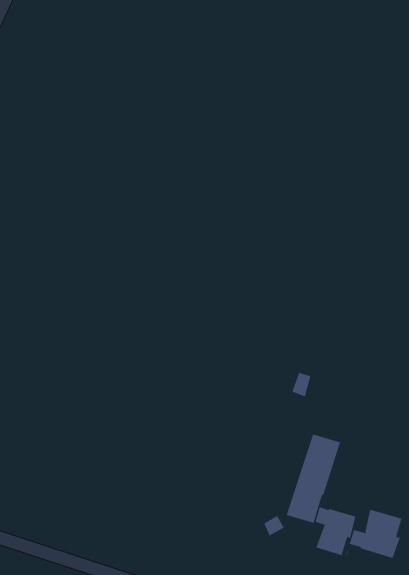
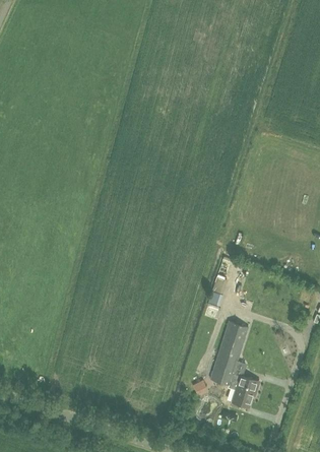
building: [346,509,402,559] -> none

